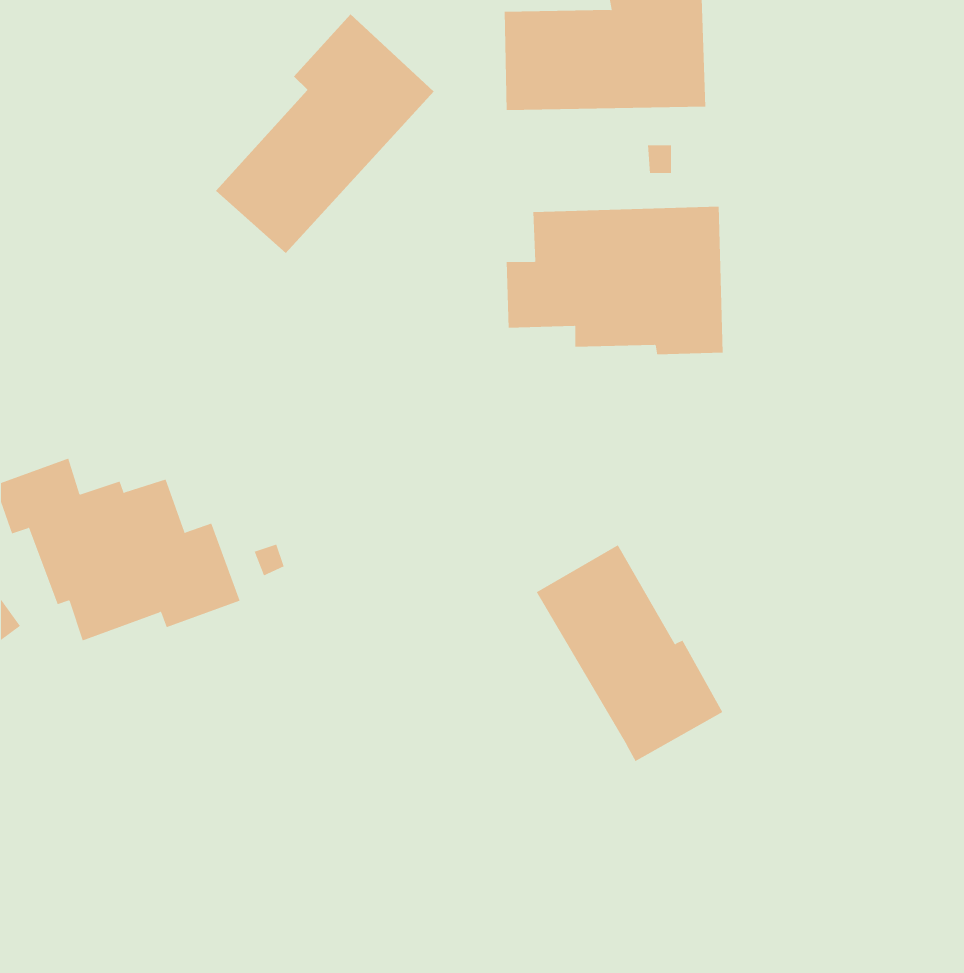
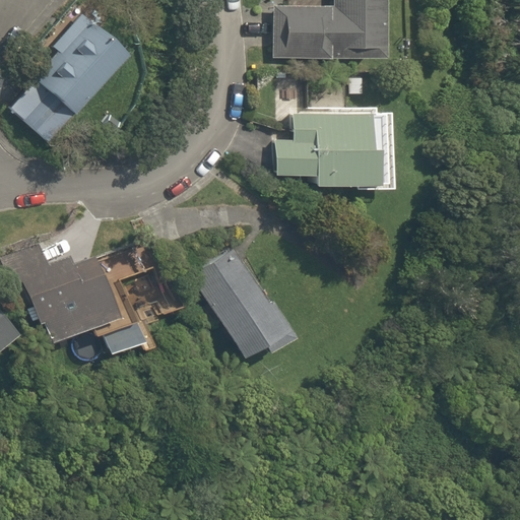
building: [215,13,435,254] -> [16,12,133,140]
building: [536,544,723,762] -> [191,248,290,364]

